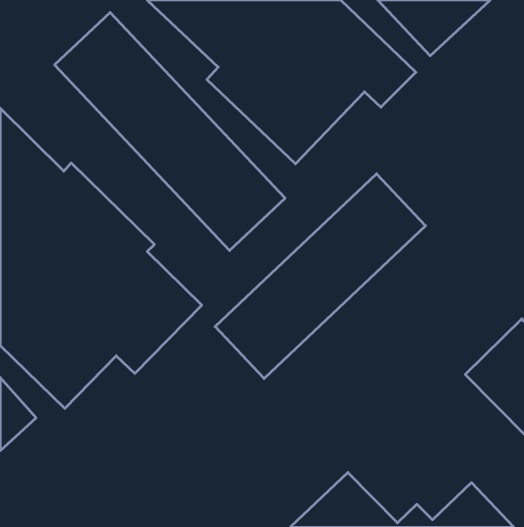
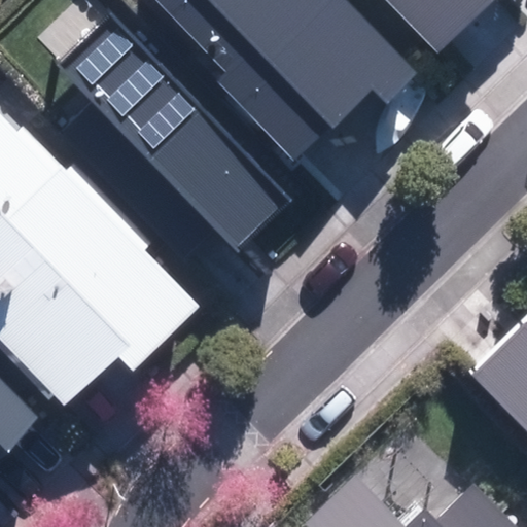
building: [215,174,426,379] -> none

